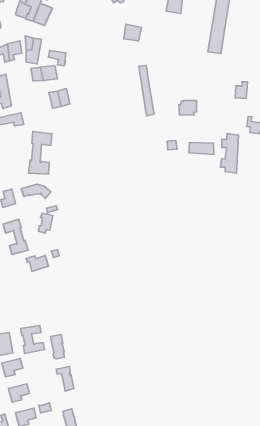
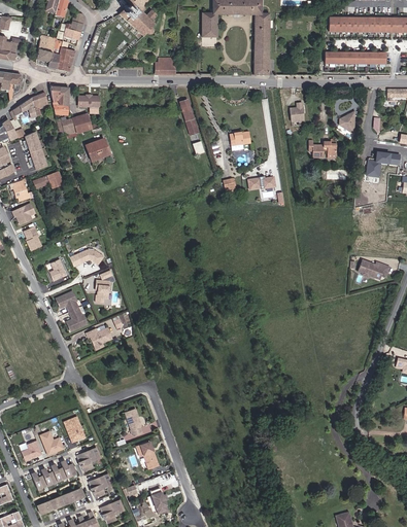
building: [29,131,52,174] -> none
building: [220,134,238,173] -> none
building: [20,326,44,353] -> none

